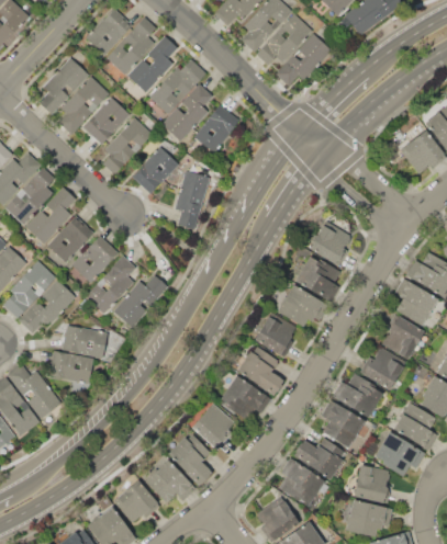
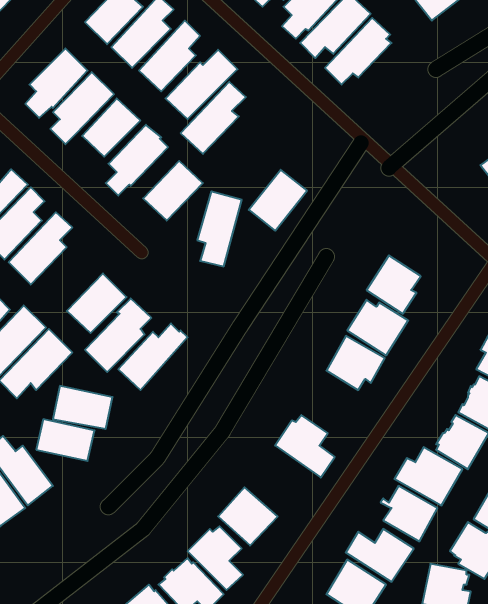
building: [193,104,239,152] -> [249,170,307,231]
building: [48,215,94,262] -> none
building: [254,310,295,356] -> none
building: [219,375,269,420] -> none

